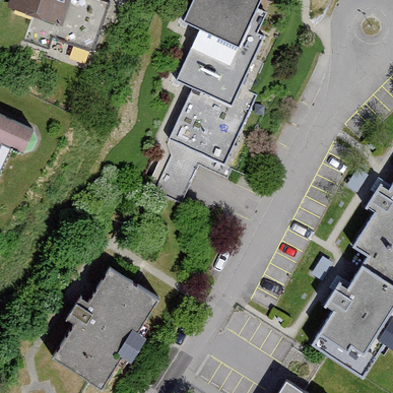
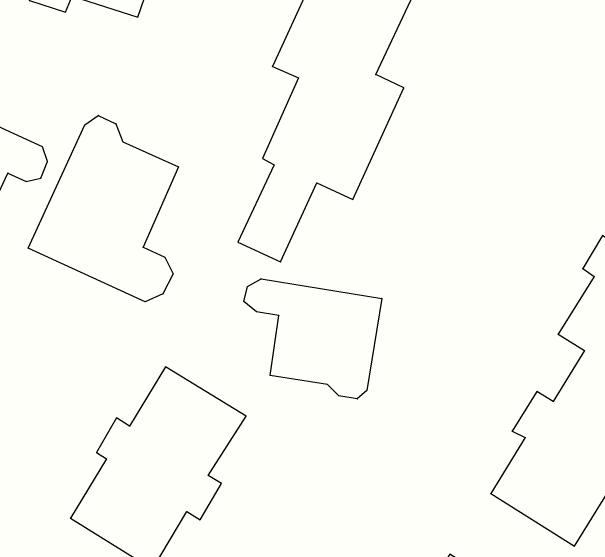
building: none -> [28,115,179,302]
building: none -> [244,279,382,399]

